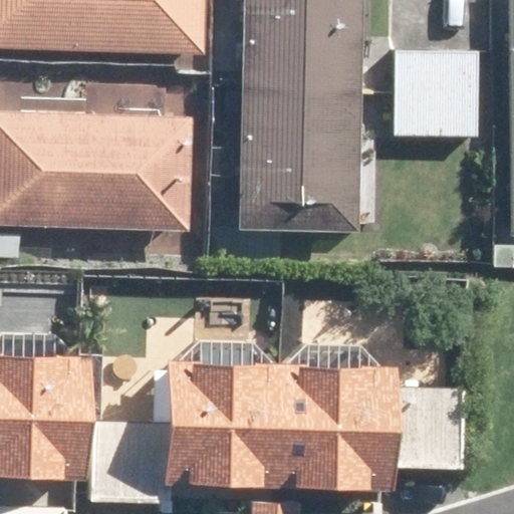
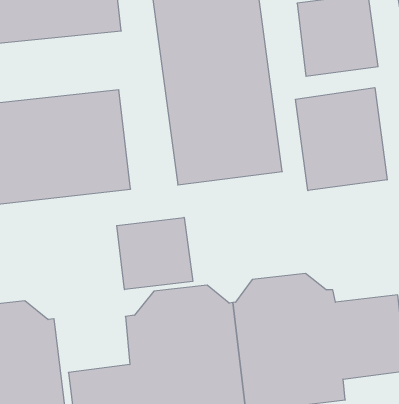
building: none -> [296,88,387,191]
building: none -> [117,217,193,290]

